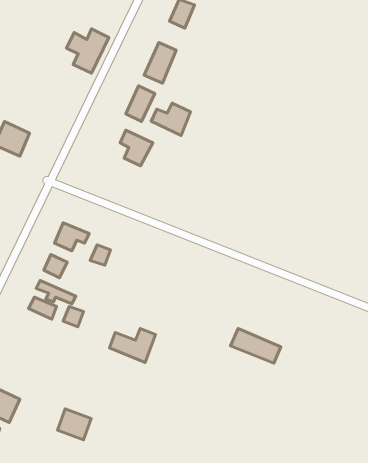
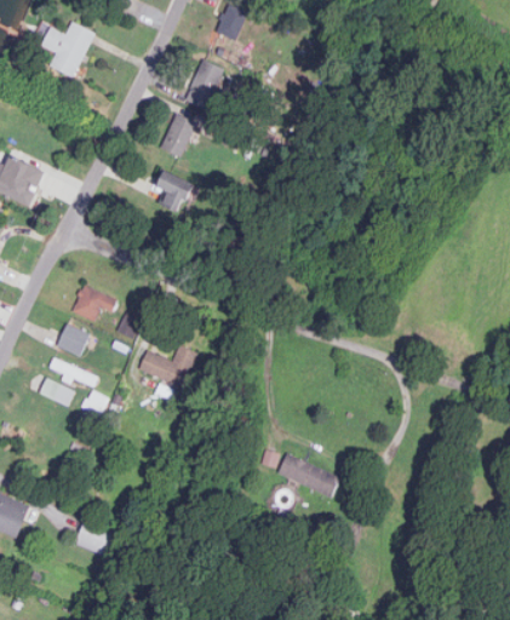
building: [66,29,109,73] -> [41,21,94,76]
building: [151,103,190,135] -> none
building: [231,328,281,363] -> [277,453,340,496]
building: [109,329,156,362] -> [139,345,197,388]

